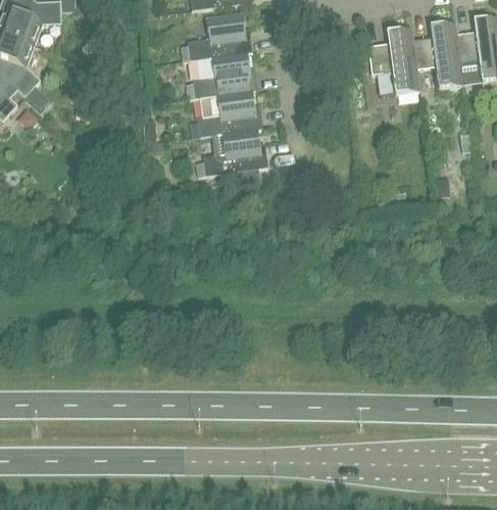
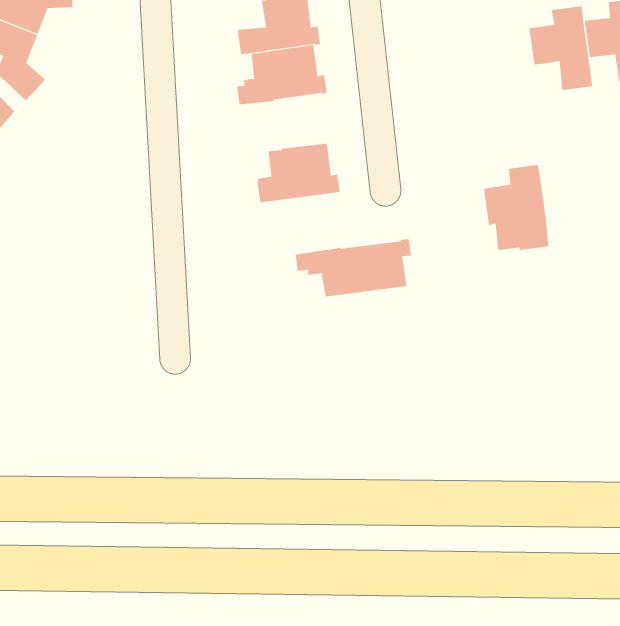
building: [367,26,418,92] -> [483,165,549,251]
building: [198,88,262,135] -> none
building: none -> [295,239,411,297]

